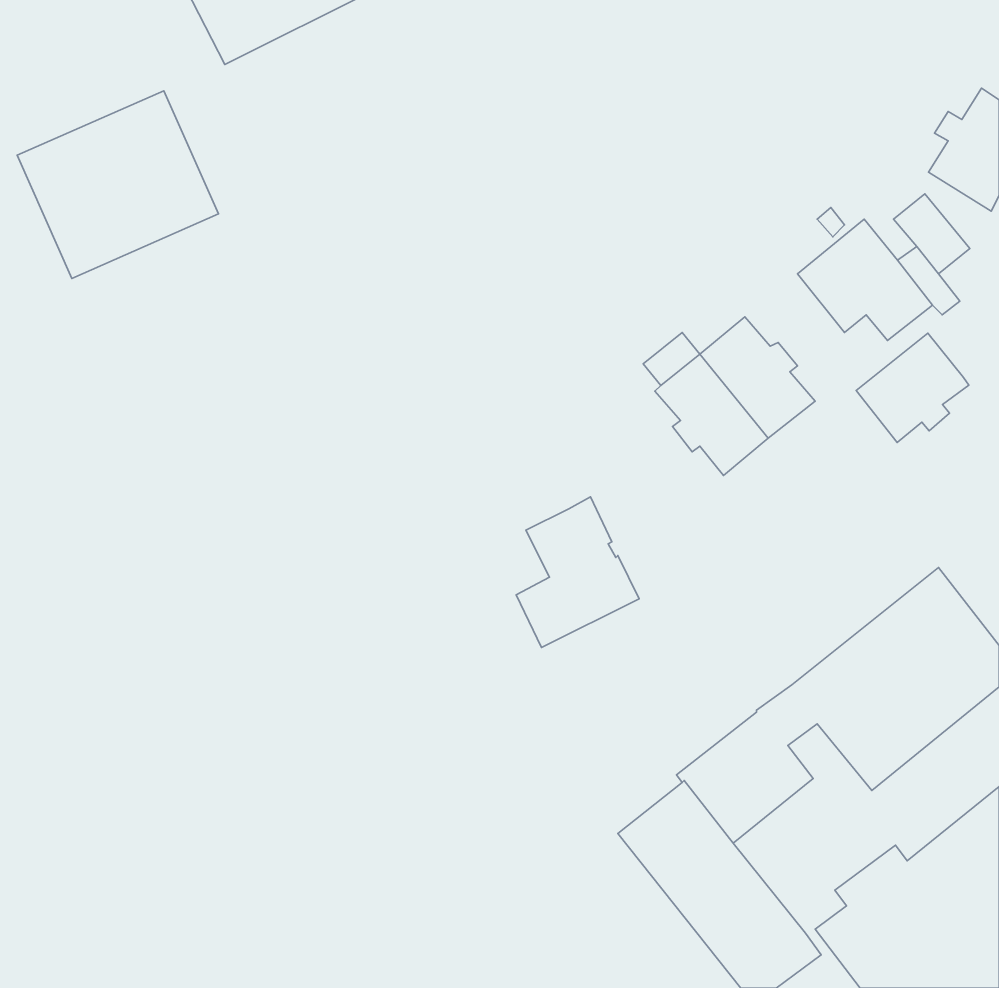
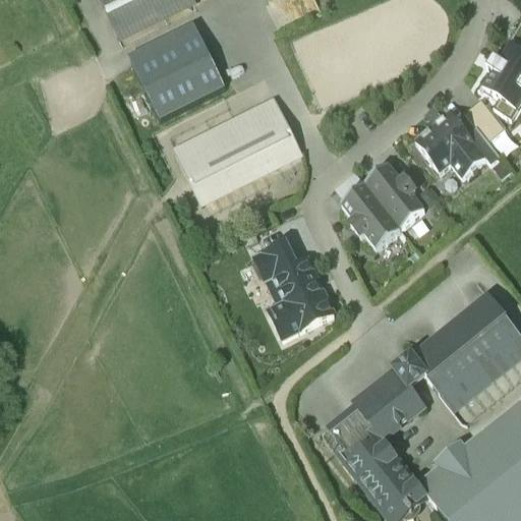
building: [17,91,219,279] -> [118,19,223,117]
building: none -> [176,102,299,202]
building: [856,333,969,442] -> none
building: none -> [256,244,296,280]

